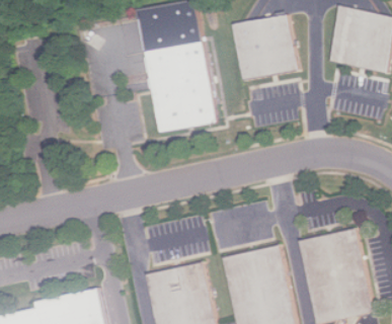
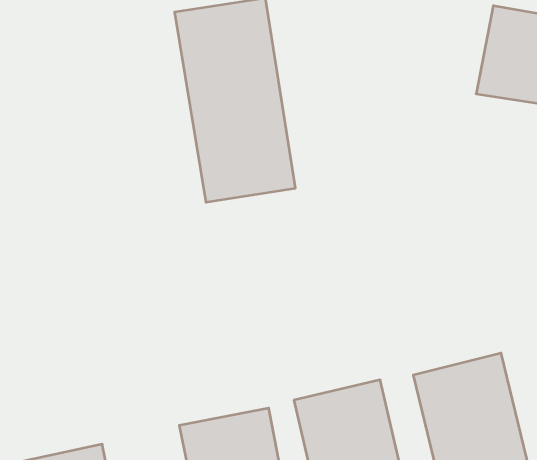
building: [234,14,301,79] -> none

